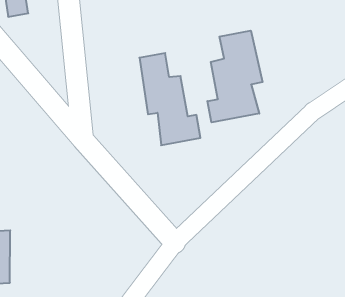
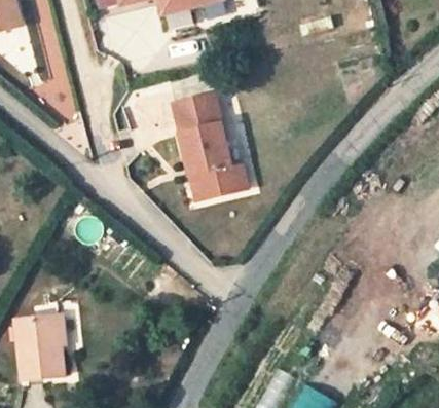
building: [207,31,263,122] -> none

